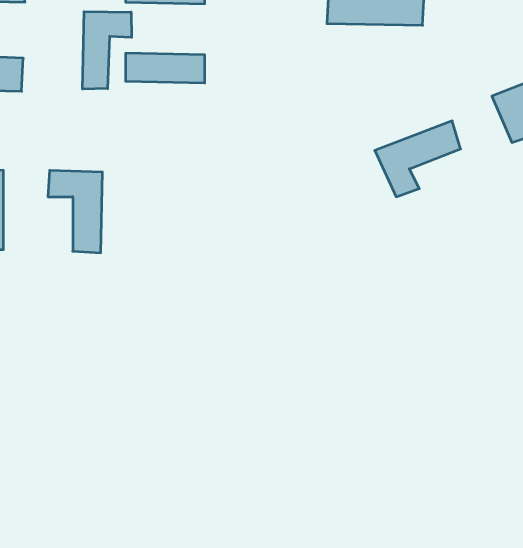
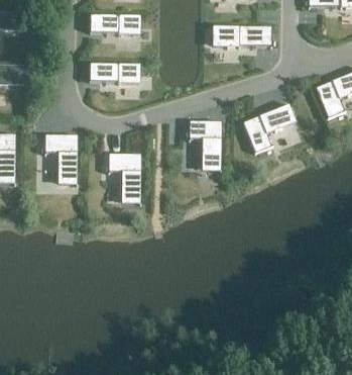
building: [83,12,132,89] -> none
building: none -> [189,120,221,171]
building: none -> [107,153,139,203]

